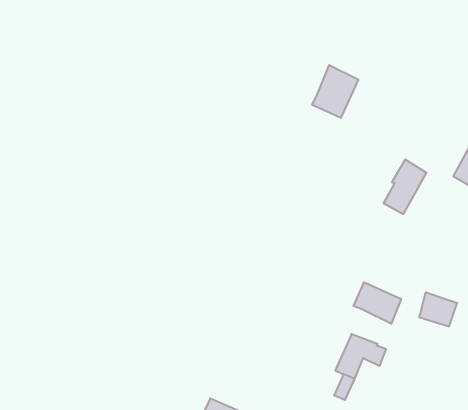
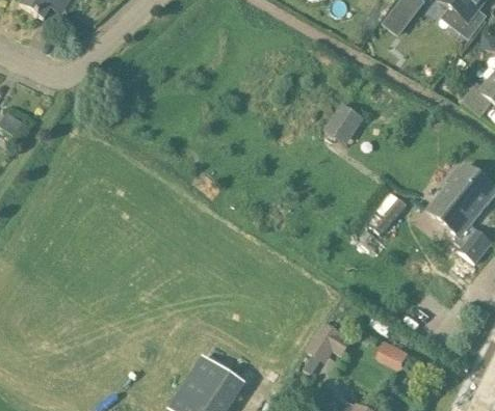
building: [353,282,401,324] -> none
building: [419,293,457,326] -> [377,337,410,367]

